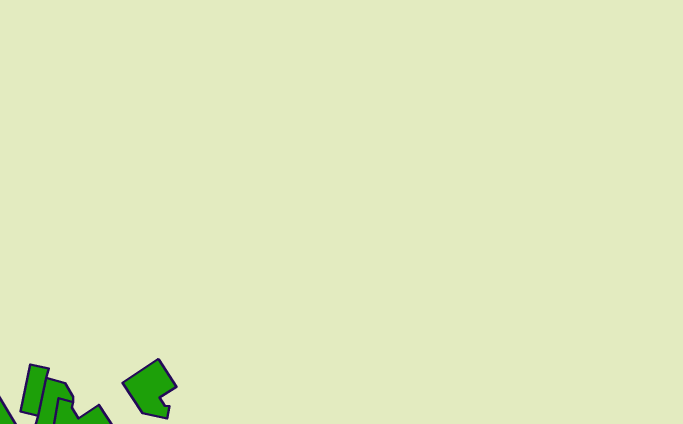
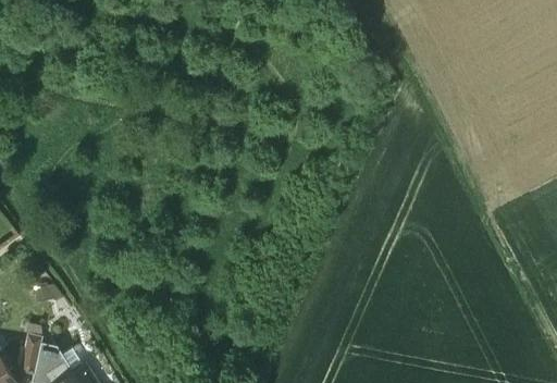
building: [123,359,176,418] -> none

